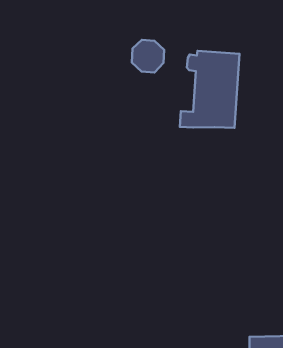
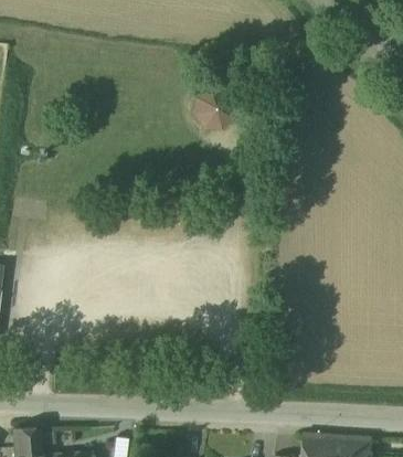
building: [180,51,239,128] -> none

